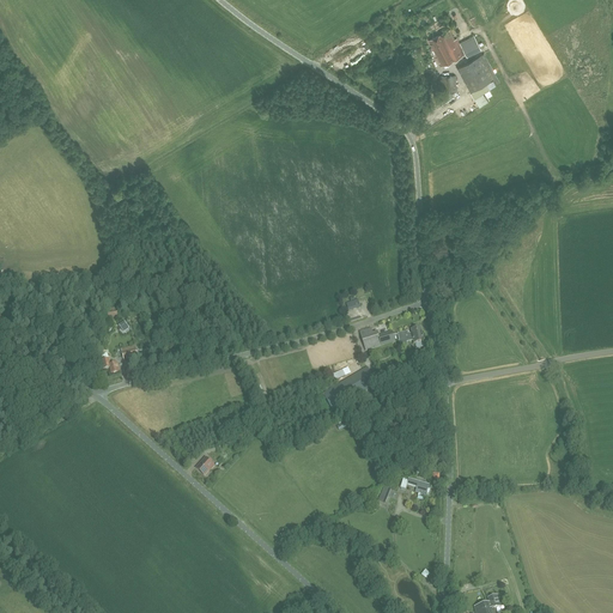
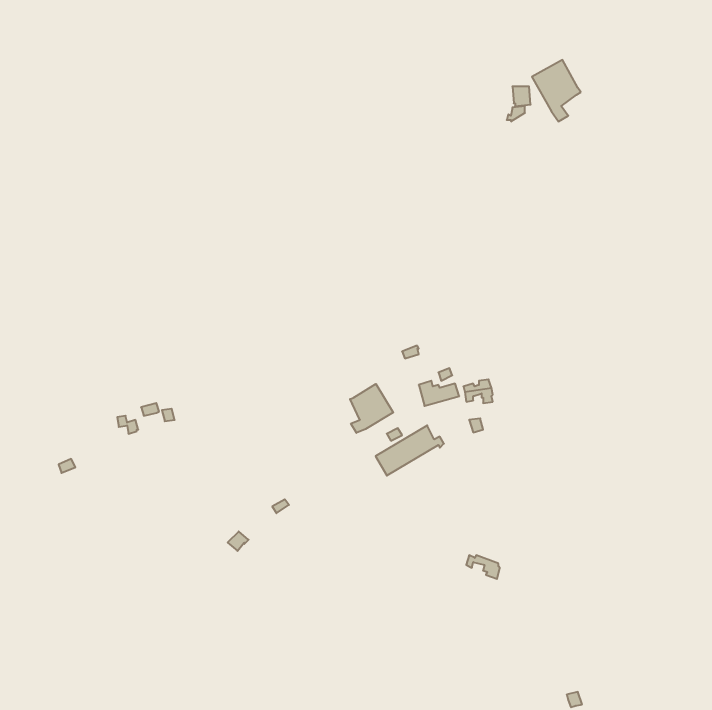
building: [427,28,465,65] -> none
building: none -> [350,384,393,433]

